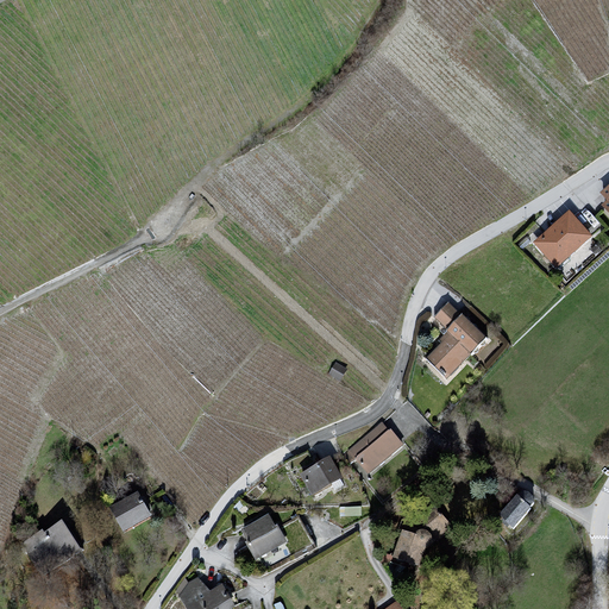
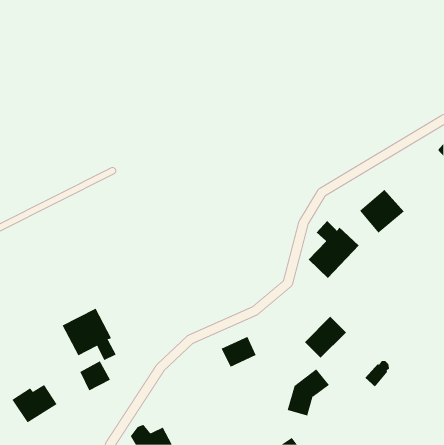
building: [533,203,595,264] -> [359,189,404,233]
building: [346,416,404,475] -> [304,316,347,359]
building: none -> [62,308,117,361]
building: [239,515,285,560] -> none

